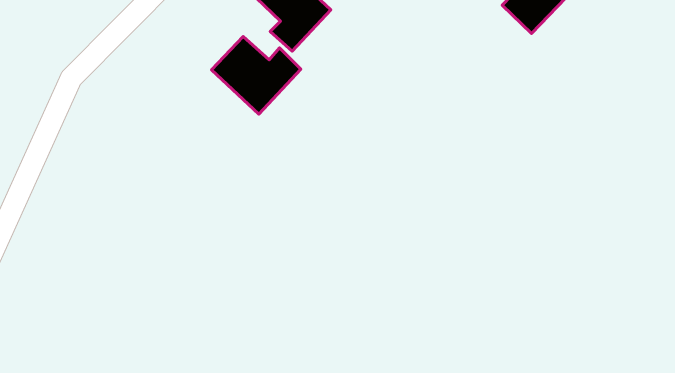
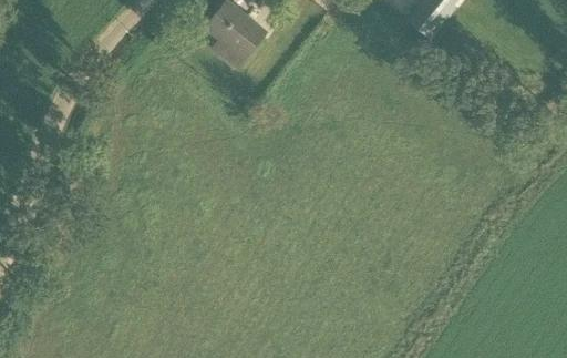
building: [211,37,301,114] -> none

